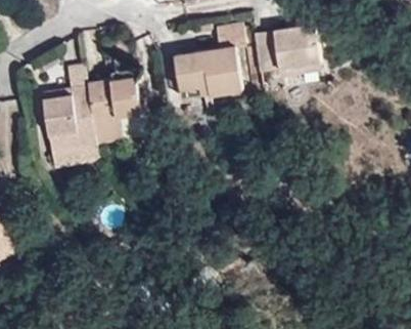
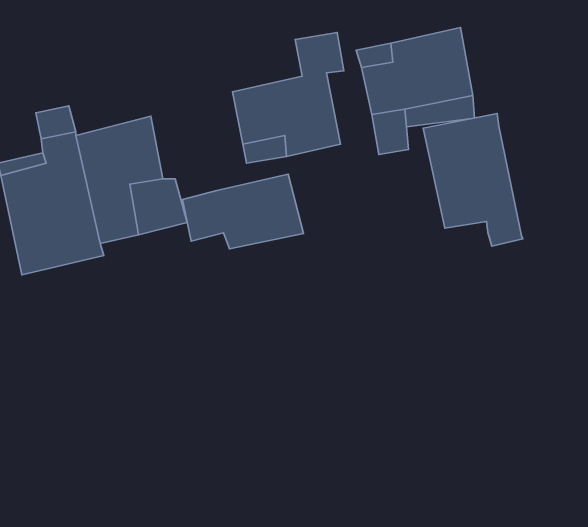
building: none -> [423,114,523,246]
building: none -> [183,174,303,249]

